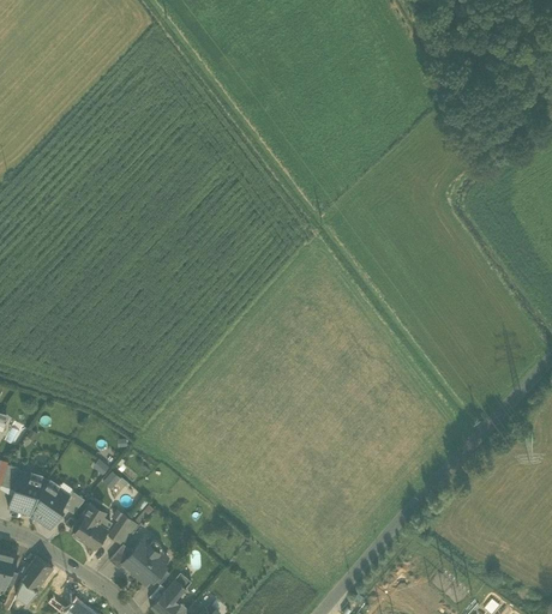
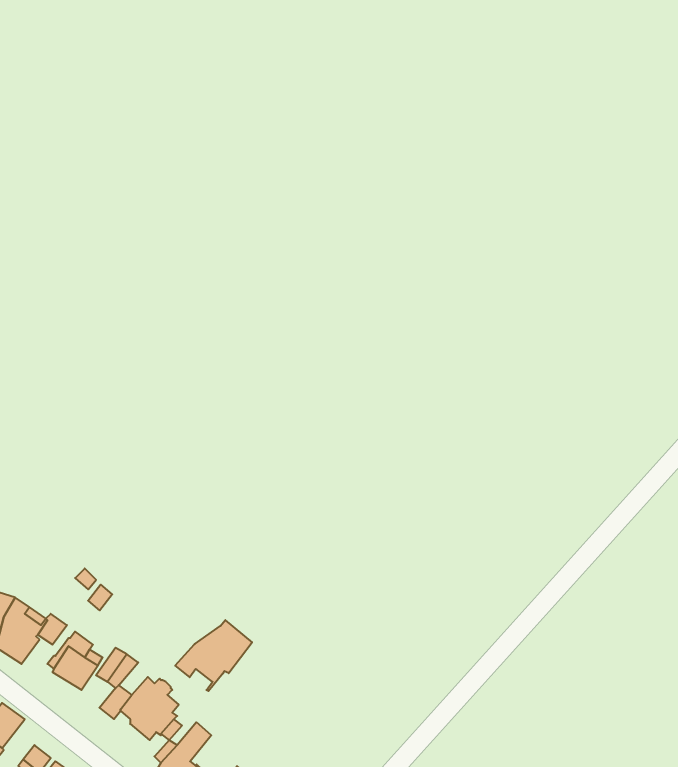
building: none -> [175,620,252,691]

